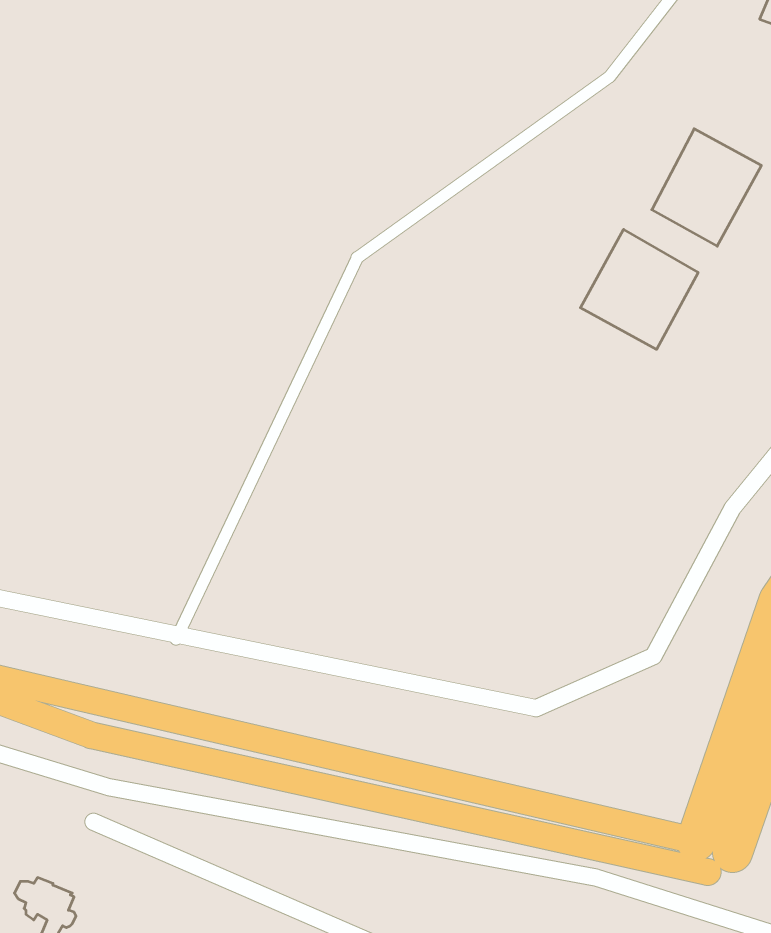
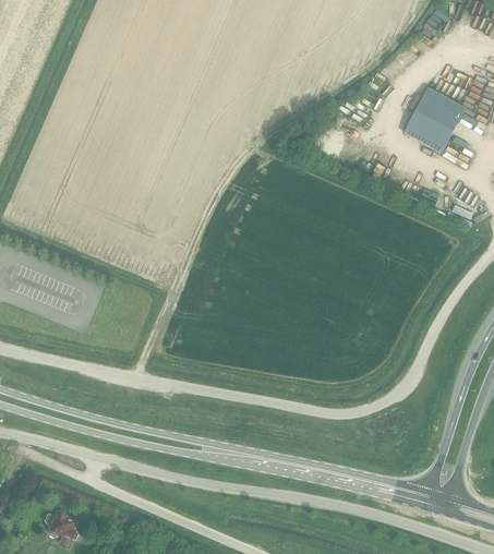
building: [580,229,698,349] -> none

